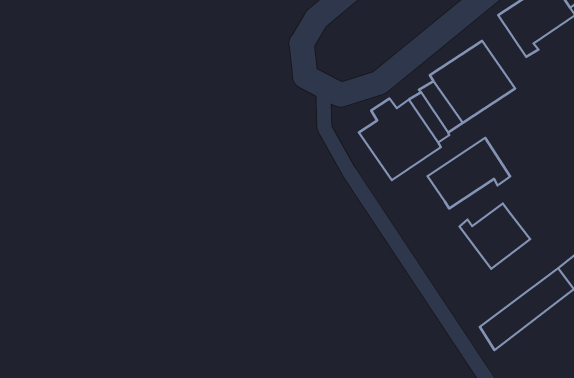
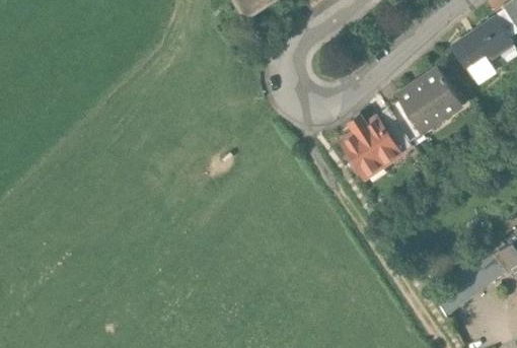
building: [428,138,510,208] -> none
building: [459,204,530,269] -> none

